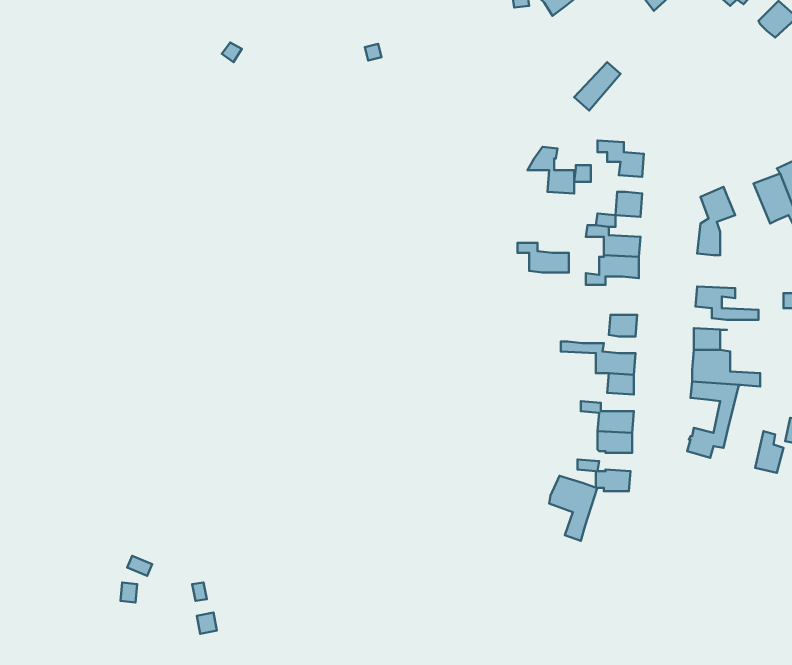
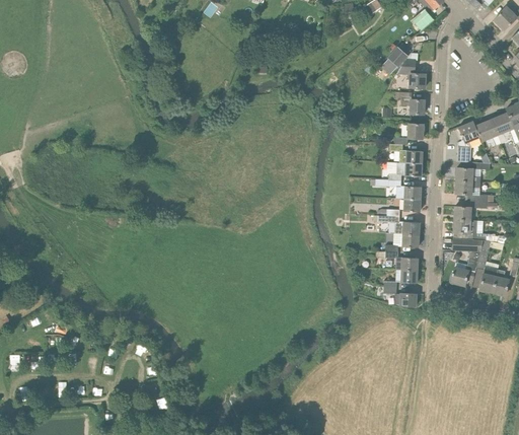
building: [528,147,574,193] -> [396,59,425,87]
building: none -> [474,118,501,146]
building: [517,243,569,273] -> [388,179,420,198]
building: none -> [456,161,490,182]
building: none -> [475,240,503,291]
building: [549,476,597,541] -> none

